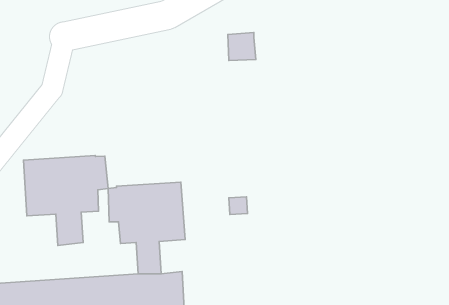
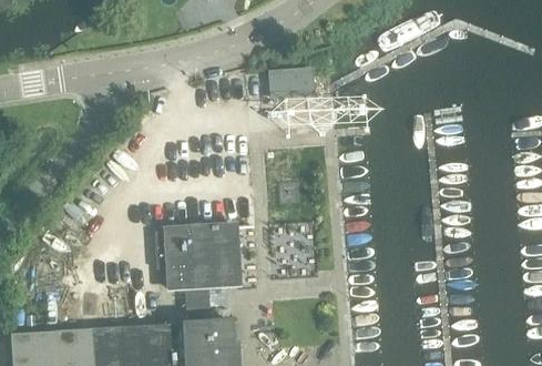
building: [24,155,108,246] -> none

